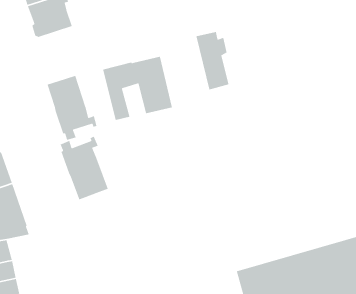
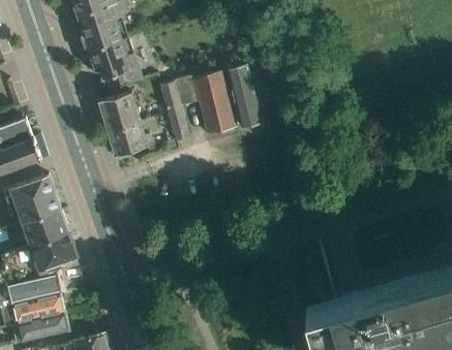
building: none -> [88,38,140,90]
building: [196,31,230,91] -> [224,64,262,129]
building: [60,136,109,200] -> none

